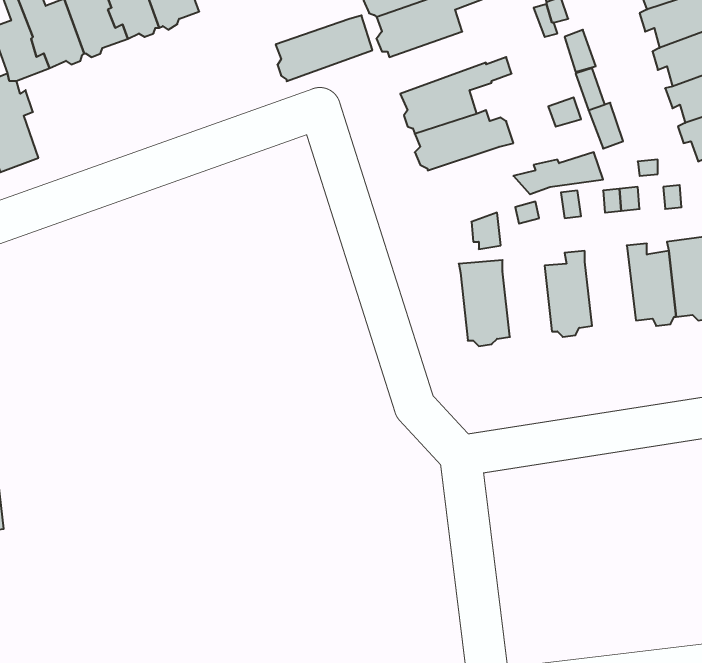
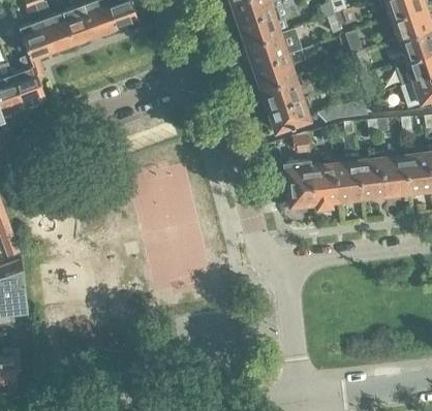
building: [276,15,372,81] -> [246,30,301,67]
building: none -> [268,97,311,133]
building: none -> [357,153,385,201]
building: none -> [310,159,338,209]

